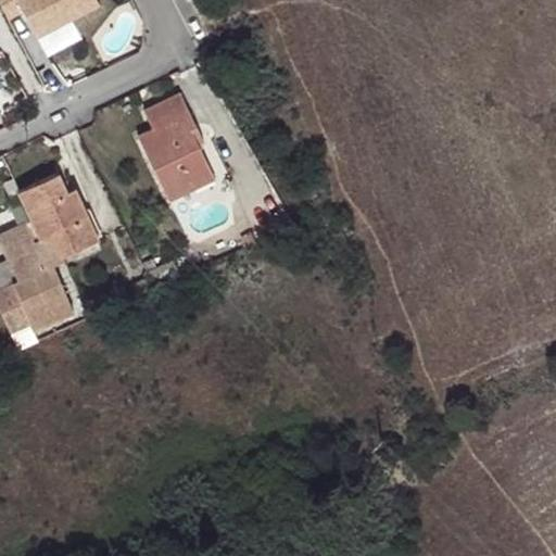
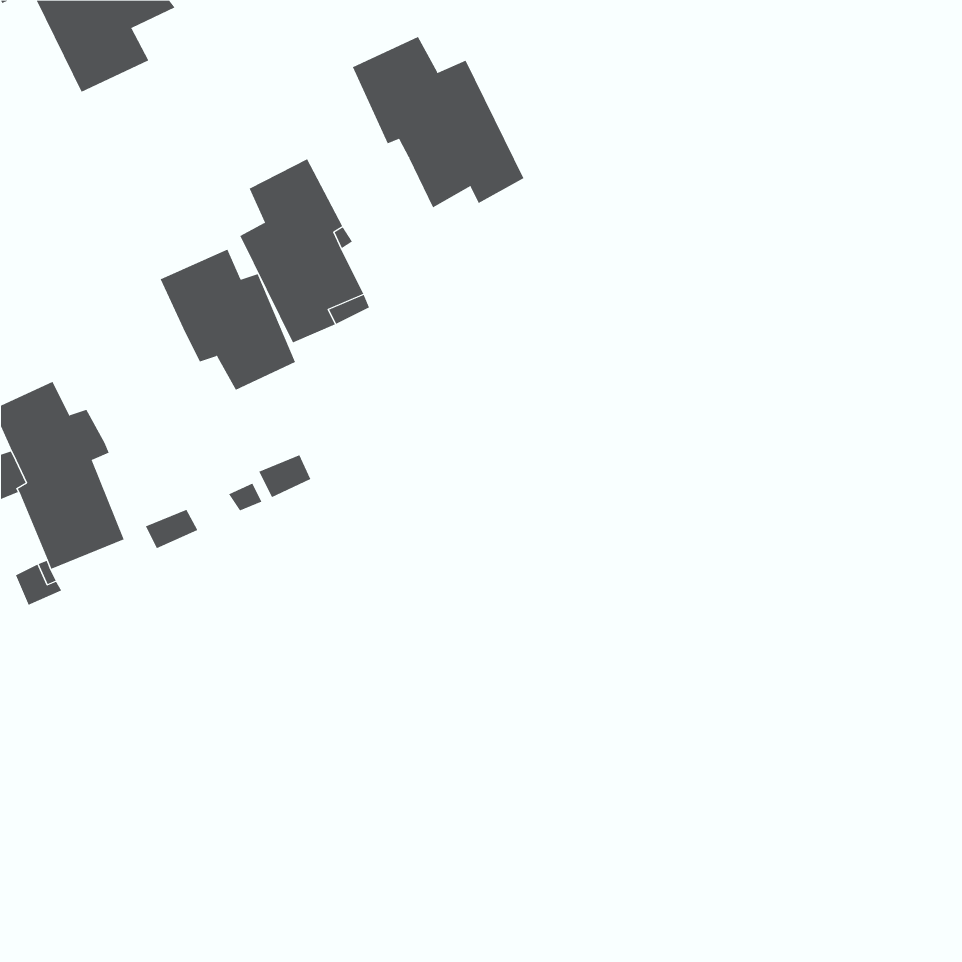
building: none -> [352,36,524,208]
building: [18,175,97,256] -> [160,249,296,390]

